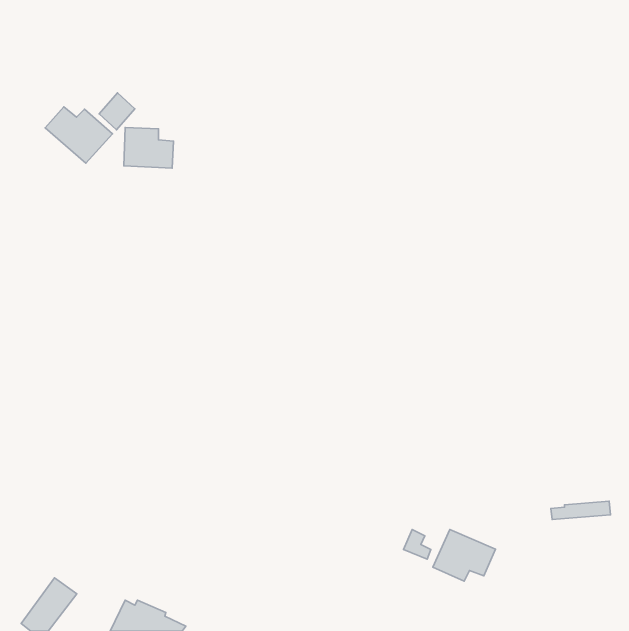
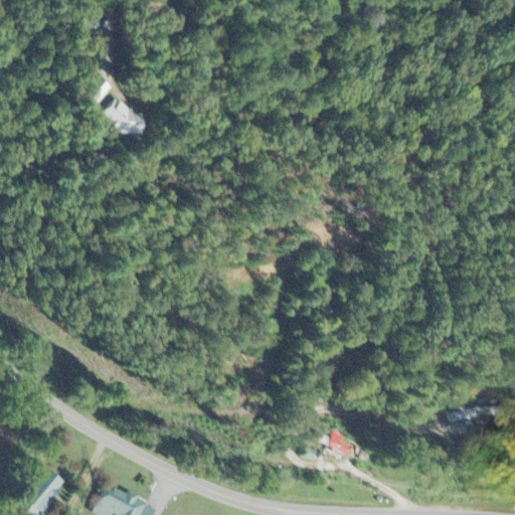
building: [45,107,112,163] -> none
building: [433,529,496,581] -> none

